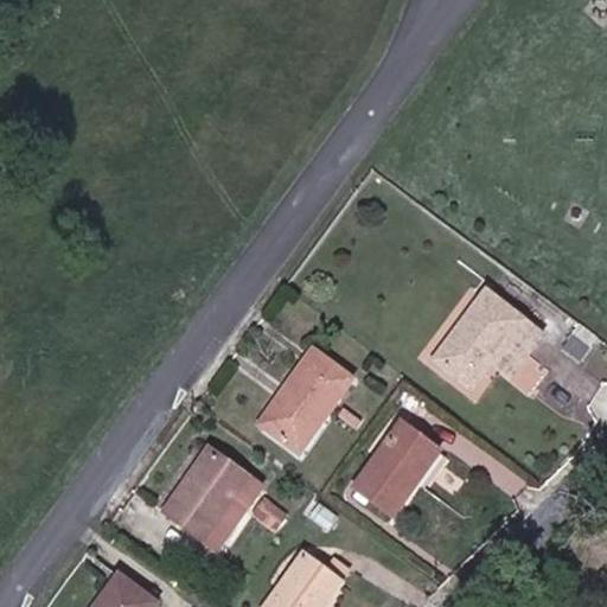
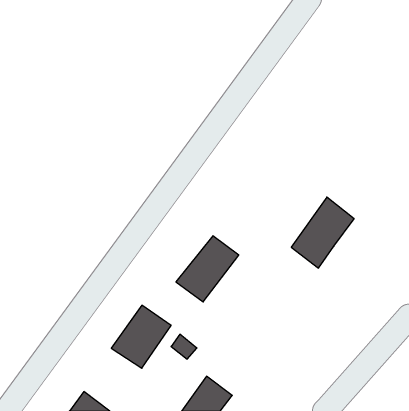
building: [491,321,538,377] -> none
building: [357,426,441,516] -> none

